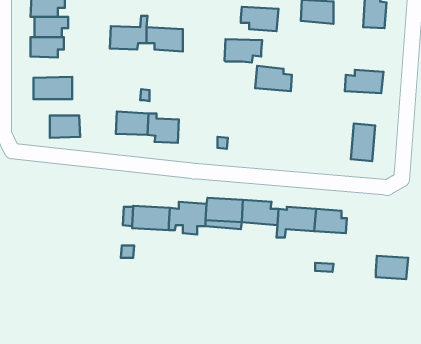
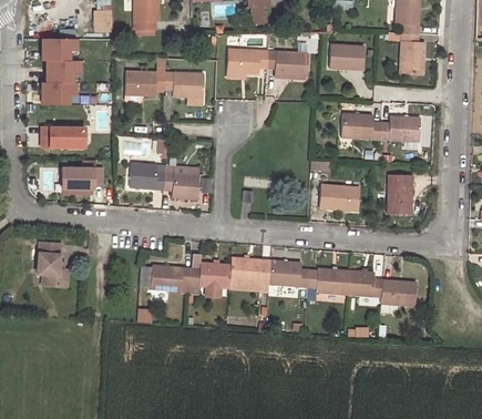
building: [224,39,262,63] -> [227,48,268,73]
building: [255,66,292,91] -> [341,113,381,141]
building: none -> [320,184,360,211]
building: none -> [40,245,70,288]
building: [376,256,408,279] -> [381,279,417,305]

